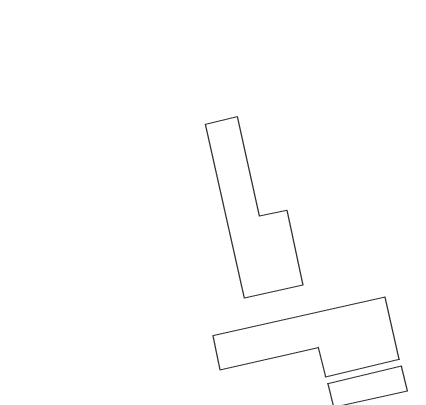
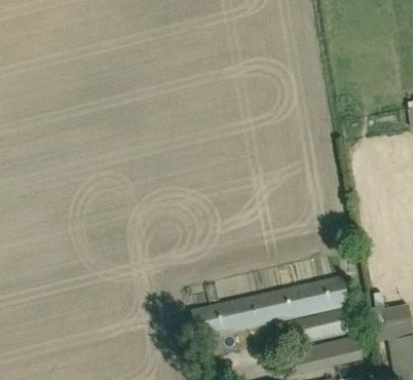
building: [206,117,303,298] -> none

